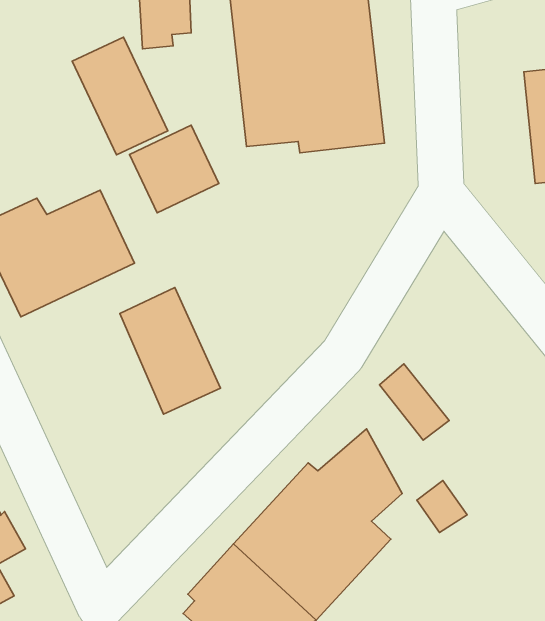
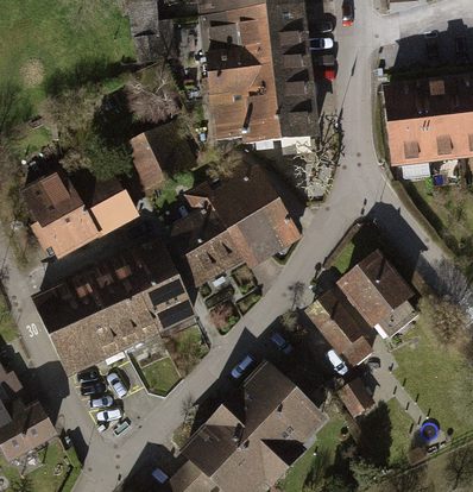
building: [72,37,168,155] -> none
building: none -> [384,82,425,168]
building: none -> [168,160,296,279]
building: none -> [43,259,153,367]
building: none -> [335,259,416,345]

